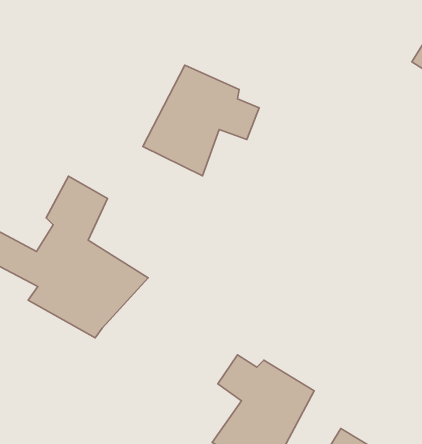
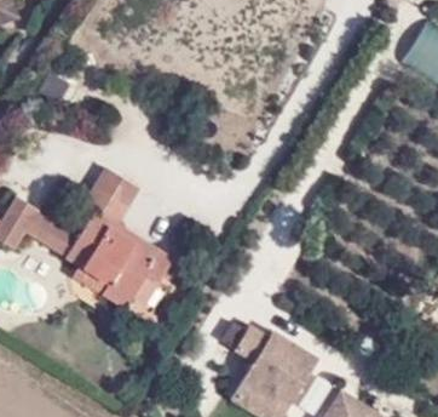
building: [143,65,259,176] -> none

